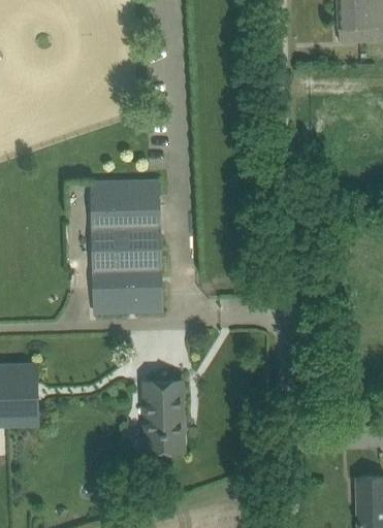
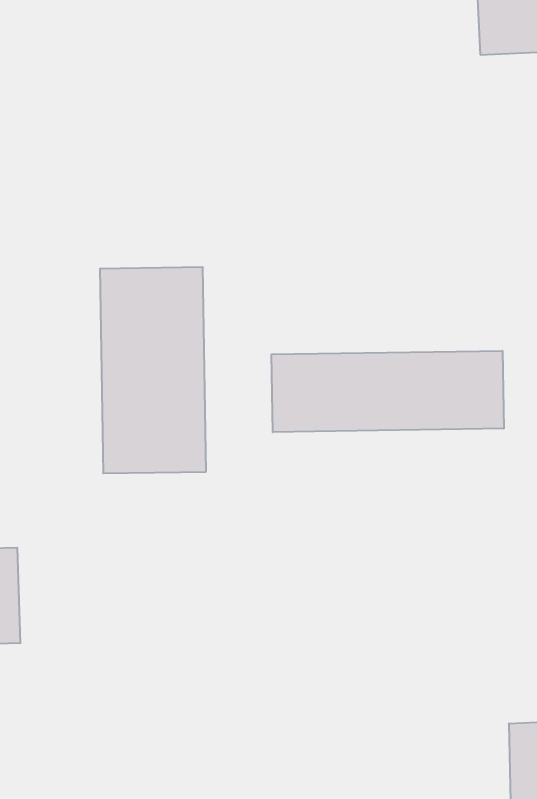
building: none -> [272,351,504,432]
building: [145,381,184,451] -> none

